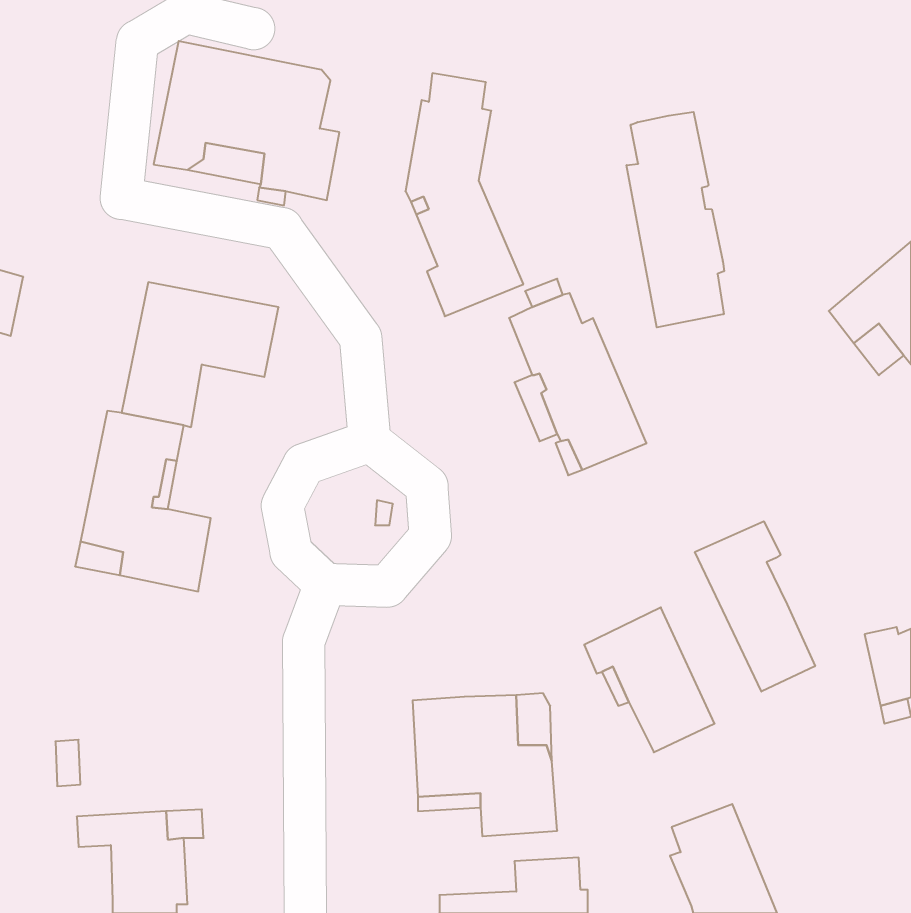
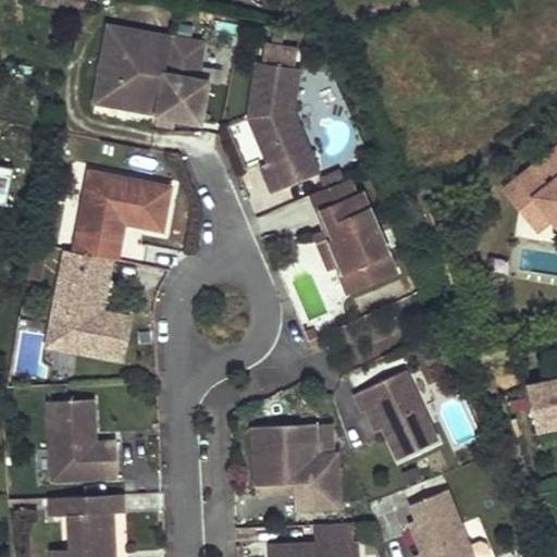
building: [627,112,724,327] -> none
building: [695,521,815,692] -> none
building: none -> [48,398,117,480]

